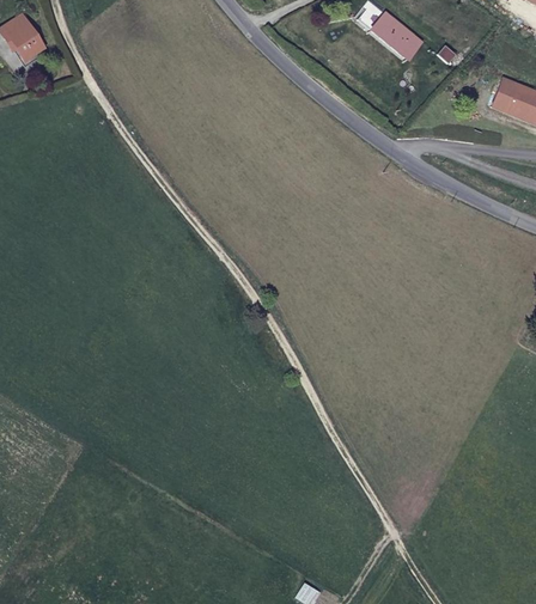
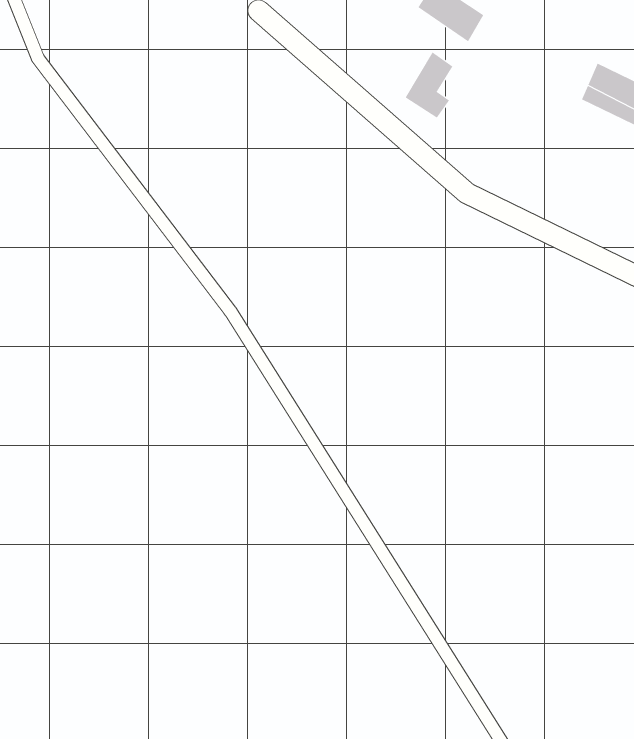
building: none -> [405,51,453,118]

